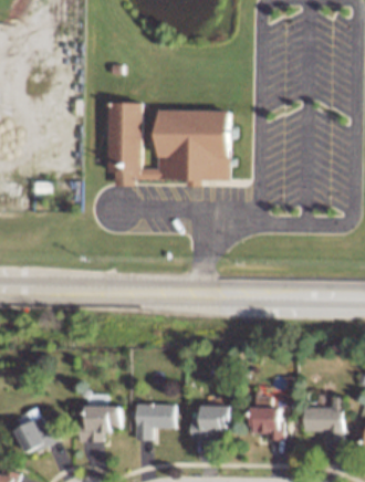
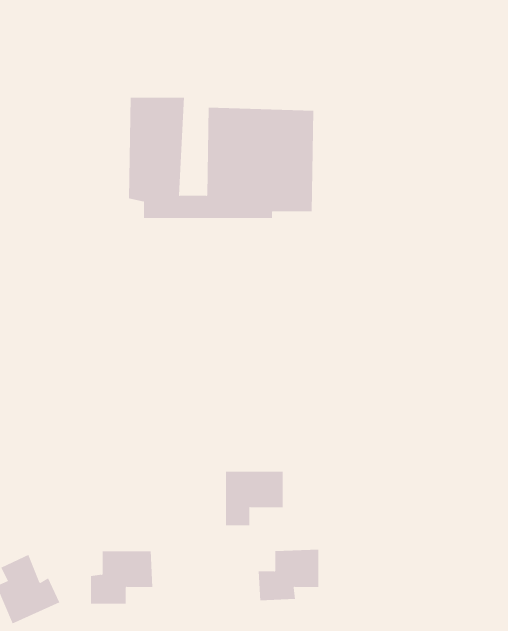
building: [250,395,283,439] -> none
building: [303,396,343,442] -> none
building: [136,402,175,439] -> [225,471,283,526]

